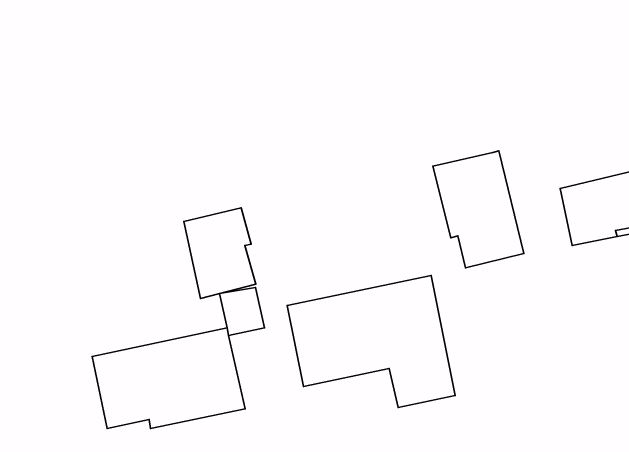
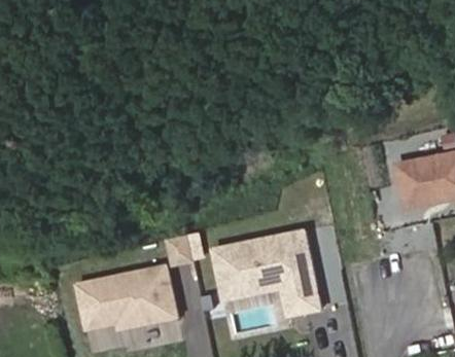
building: [433,151,524,268] -> none
building: [184,208,256,298] -> none

